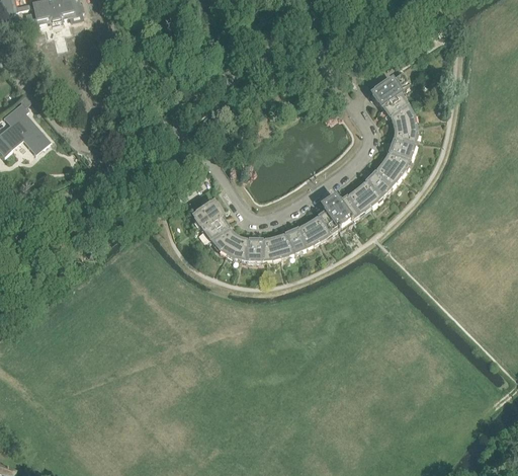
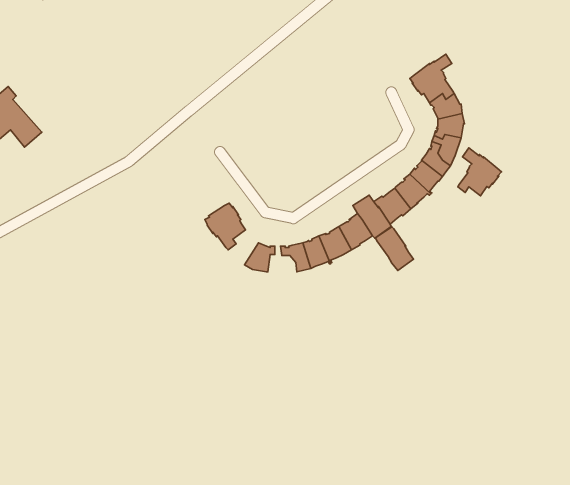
building: none -> [458,148,501,196]
building: none -> [375,227,413,271]
building: [211,225,238,255] -> none
building: [246,239,271,262] -> none

